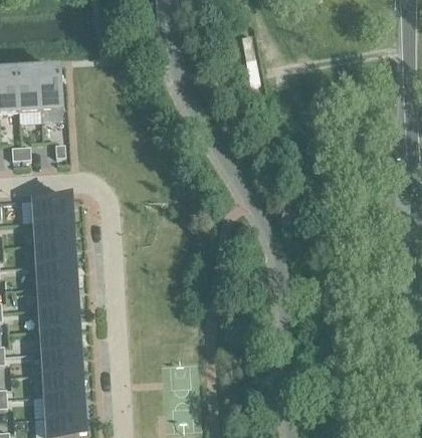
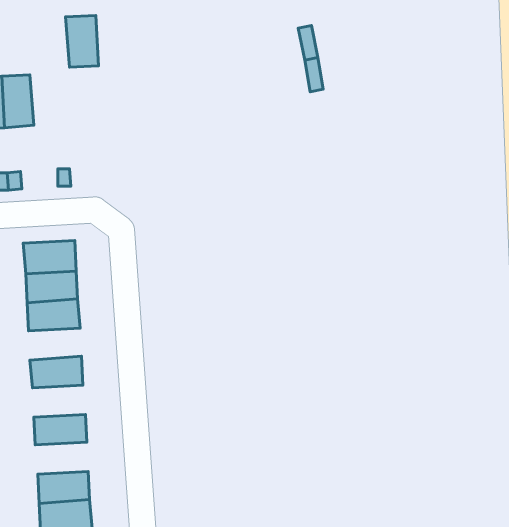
building: [36,70,61,110] -> [65,15,99,67]
building: [35,263,75,287] -> none
building: [38,306,78,331] -> none
building: [40,350,80,374] -> none

